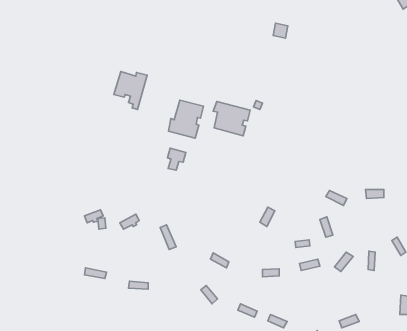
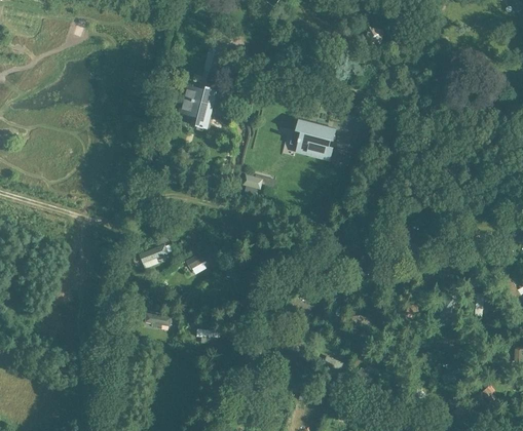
building: [168,100,203,138] -> none

